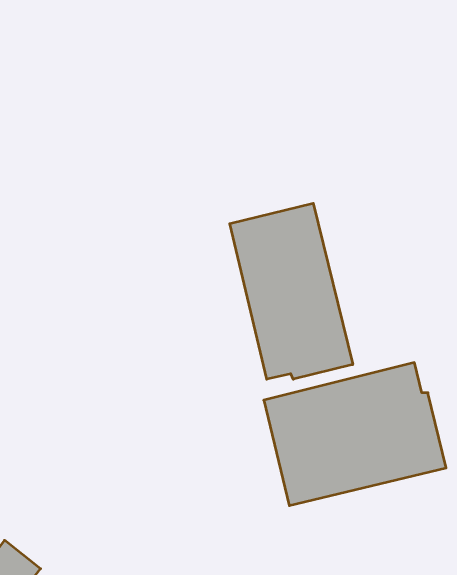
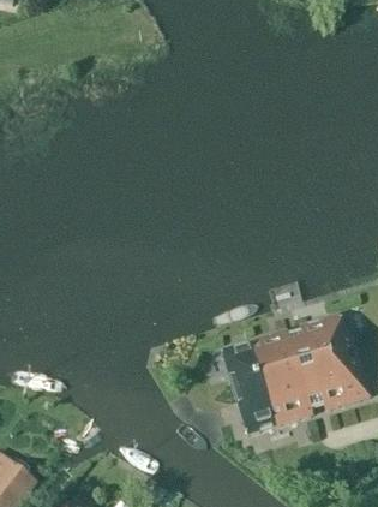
building: [230,203,353,379] -> none

